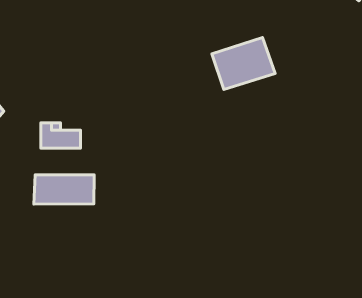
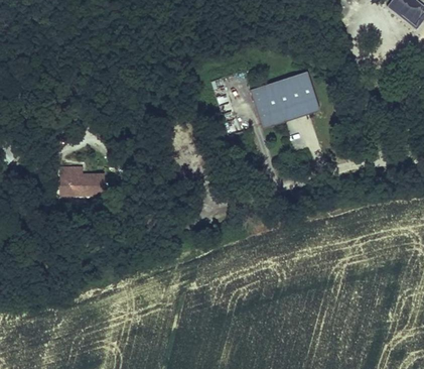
building: [34,175,94,204] -> none

